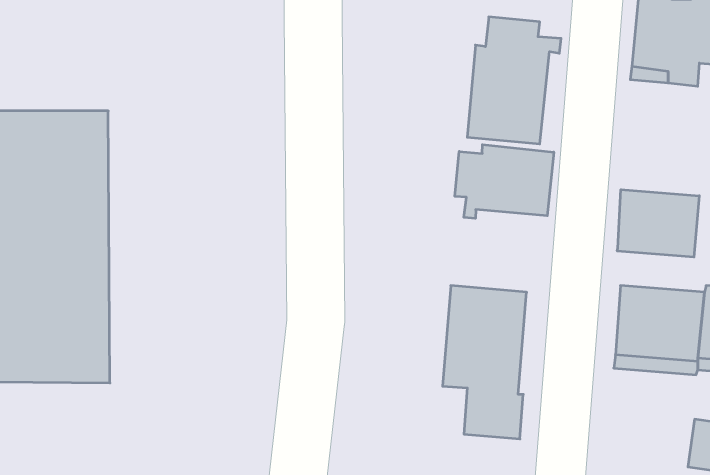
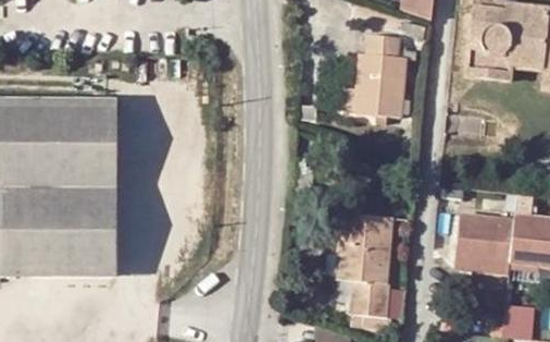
building: [455,145,554,218] -> none
building: [617,190,699,257] -> none

